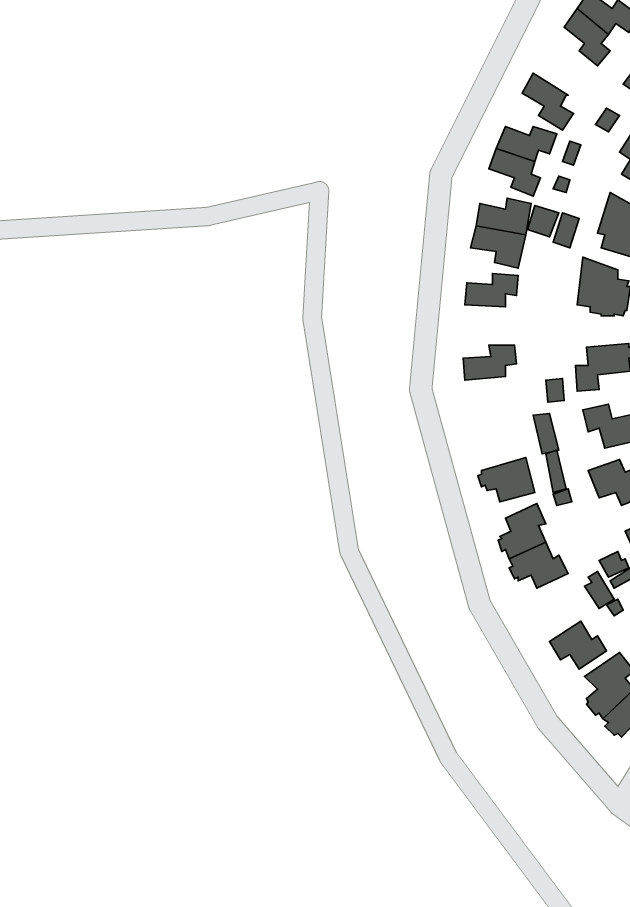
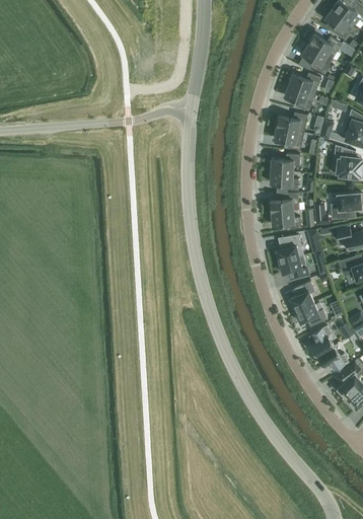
building: none -> [308,33,342,59]
building: none -> [270,171,298,191]
building: none -> [271,211,301,230]
building: none -> [275,235,304,263]
building: none -> [310,325,335,357]

